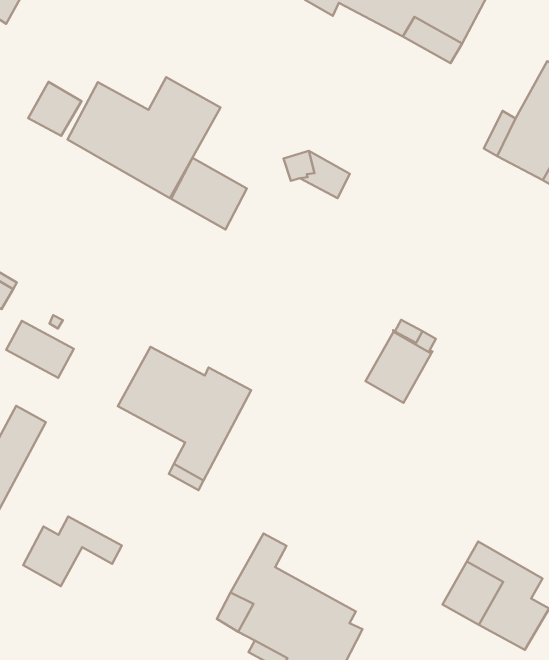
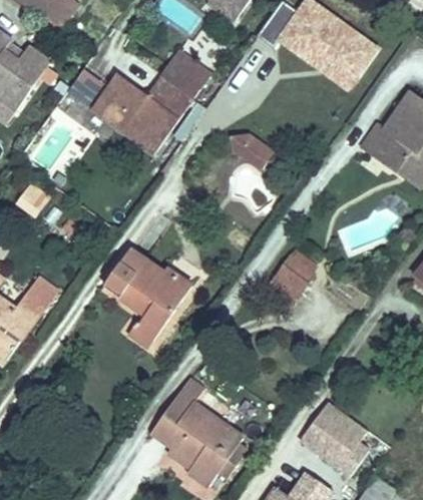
building: [171,158,247,229] -> [160,49,210,98]
building: [6,321,74,378] -> none
building: [23,517,122,586] -> none

